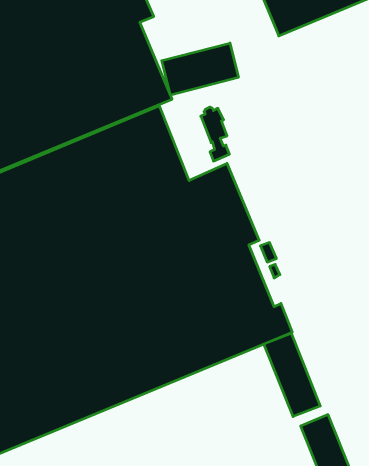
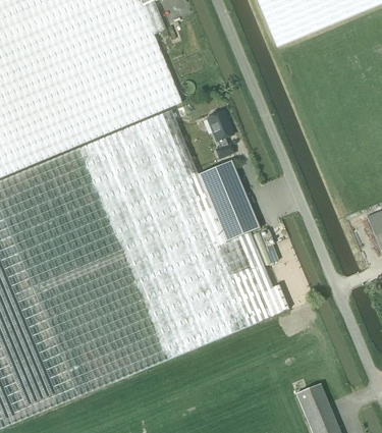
building: [162,43,238,95] -> none
building: [264,333,320,417] -> none

